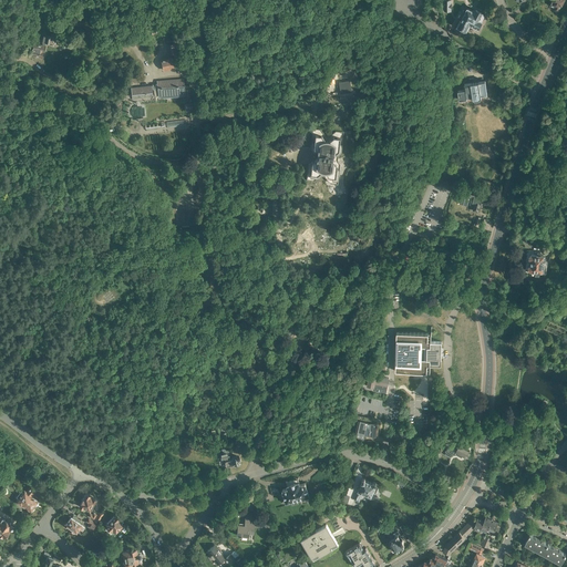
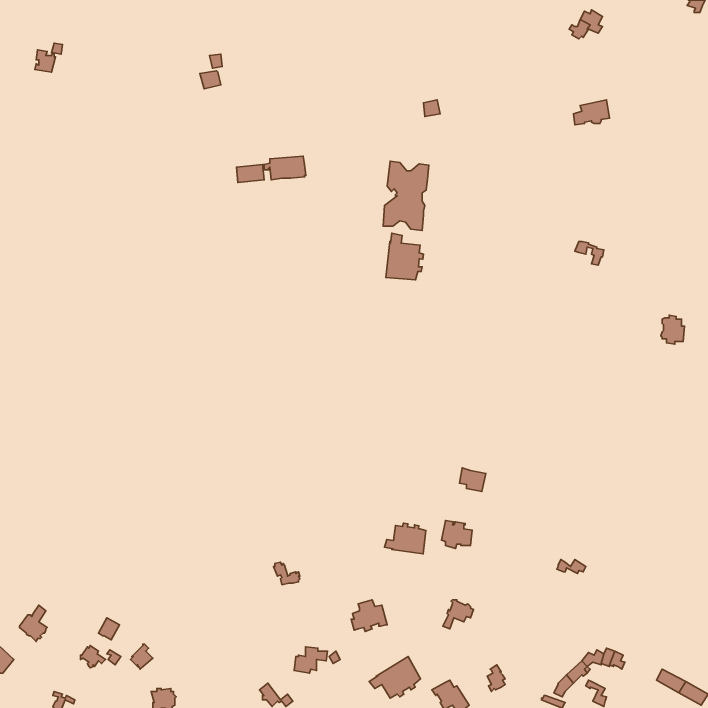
building: [130,80,185,101] -> [237,156,306,182]
building: none -> [386,233,424,280]
building: [394,333,441,373] -> none
building: none -> [385,523,426,554]

